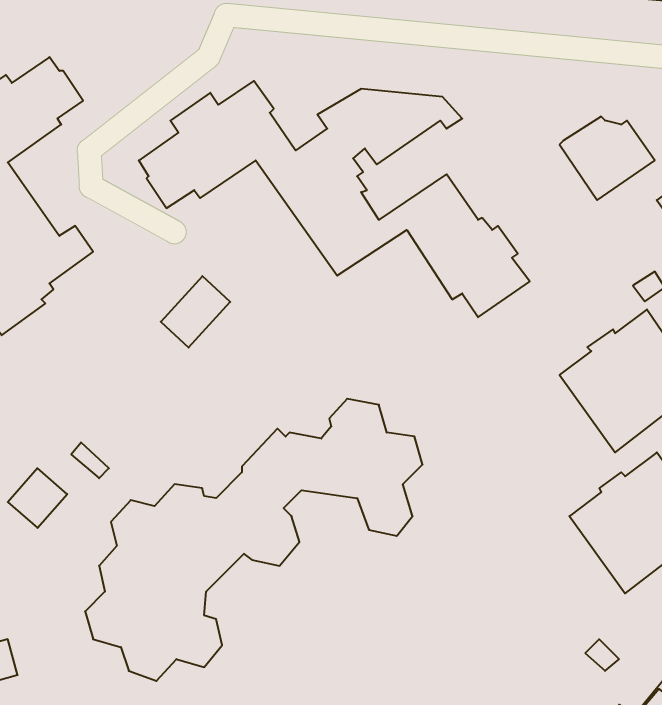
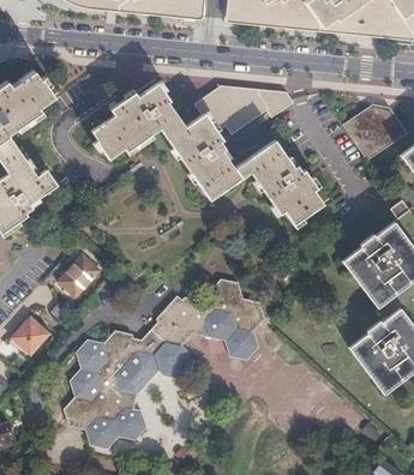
building: [161,276,230,348] -> [58,254,100,297]

